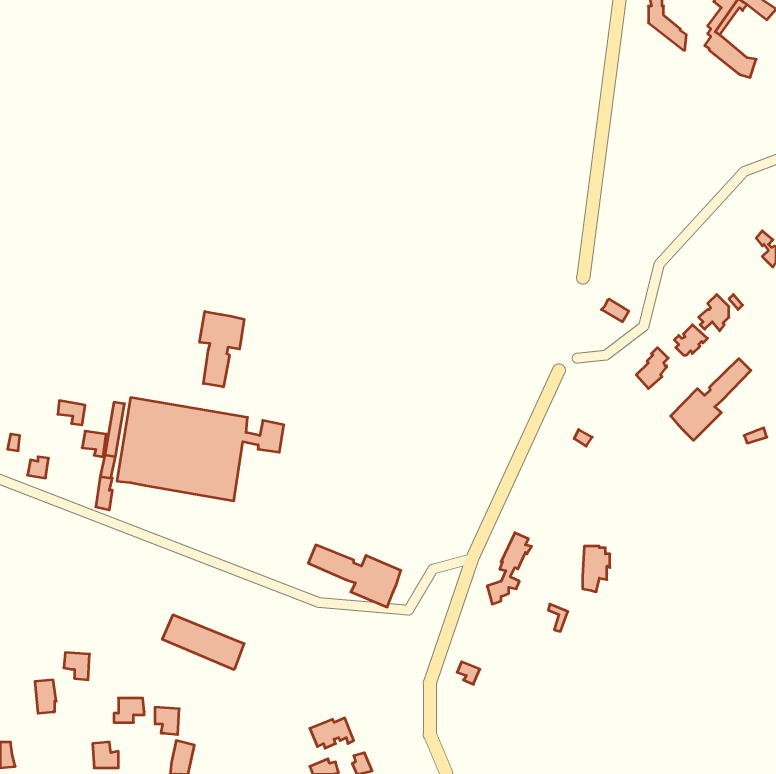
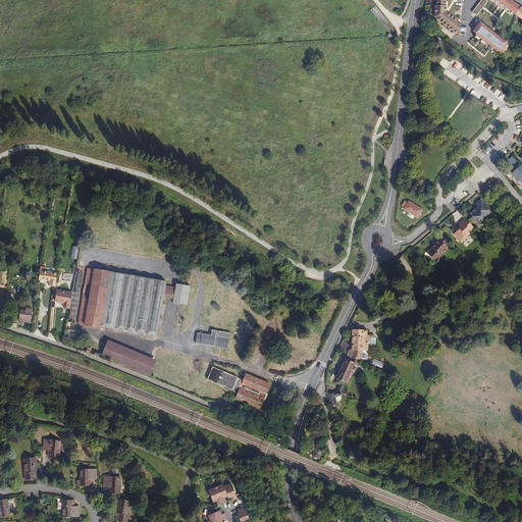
building: [200,311,244,387] -> none
building: [671,359,751,440] -> none
building: none -> [196,328,230,348]
building: [583,546,610,592] -> [352,328,370,359]
building: [162,615,244,670] -> [101,340,156,376]

